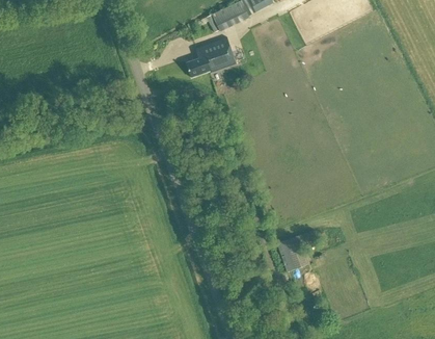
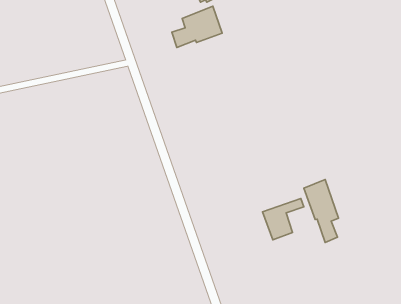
building: none -> [304,180,339,242]

